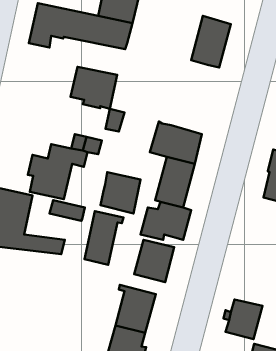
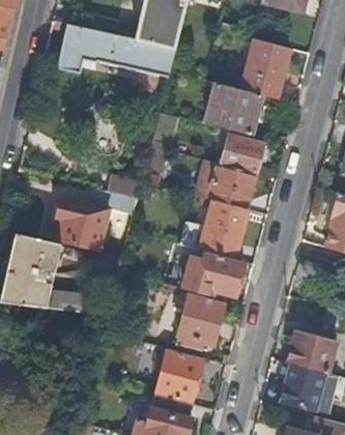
building: none -> [205,82,261,135]
building: [70,67,117,109] -> none
building: none -> [220,135,263,174]
building: [101,172,141,213] -> none
building: [85,211,123,265] -> none
building: none -> [287,330,336,372]

